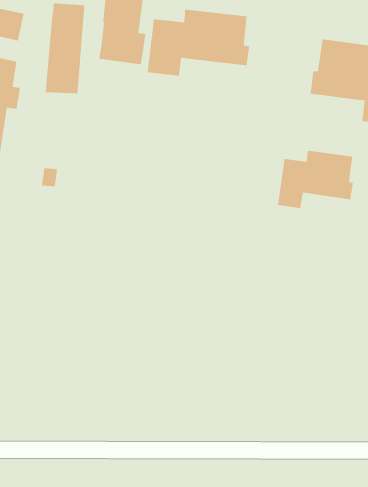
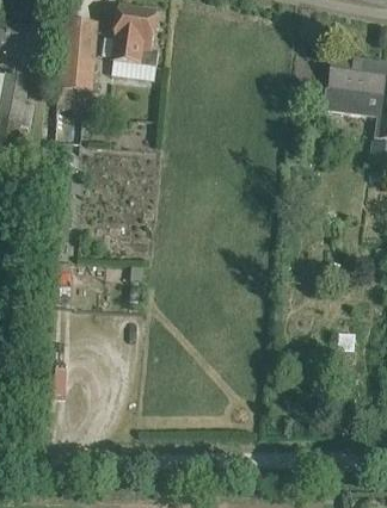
building: [147,9,250,77] -> none
building: [277,150,354,209] -> none

